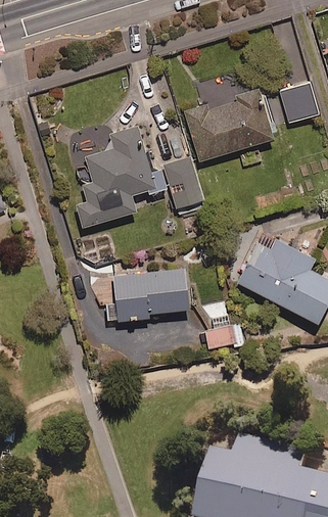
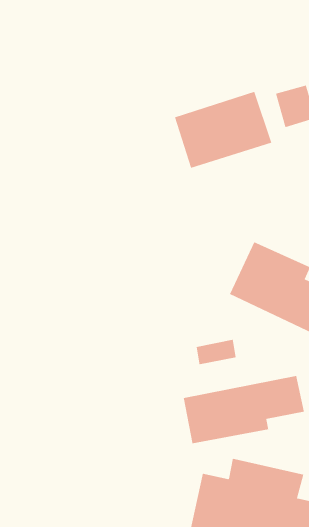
building: [74,126,206,229] -> none
building: [111,268,188,322] -> none
building: none -> [183,375,304,444]

